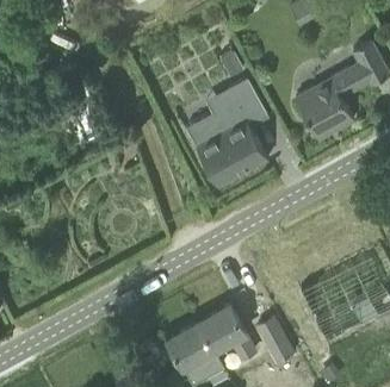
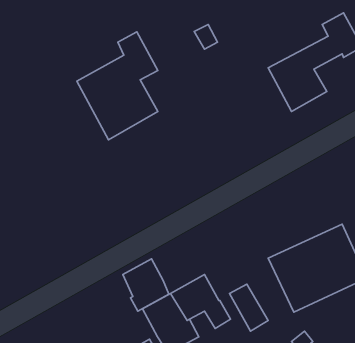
building: [186,76,268,186] -> [77,32,158,140]
building: none -> [123,259,169,311]

